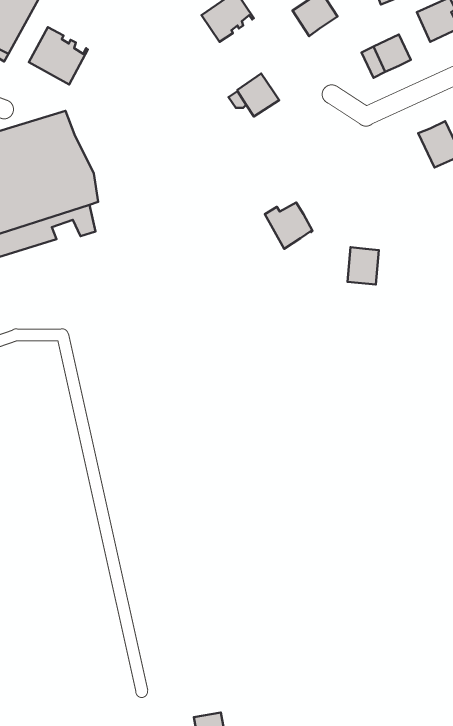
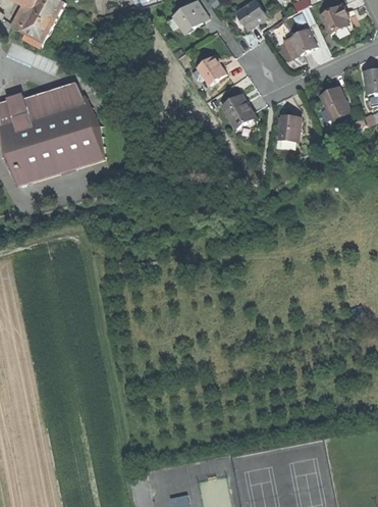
building: [29,27,88,85] -> none
building: [265,202,313,249] -> [223,97,256,129]
building: [348,247,379,285] -> [279,115,301,141]

